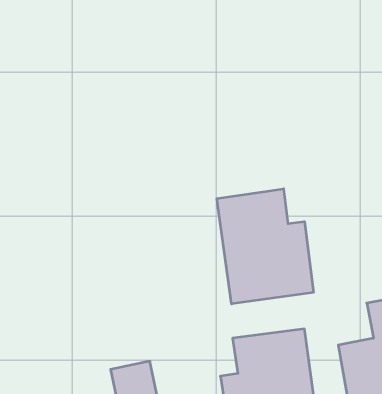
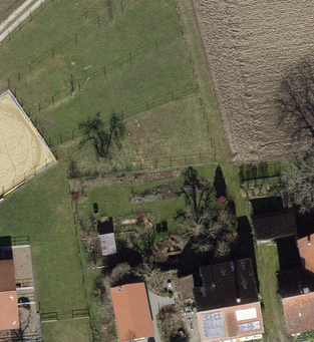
building: [217,189,313,304] -> none

